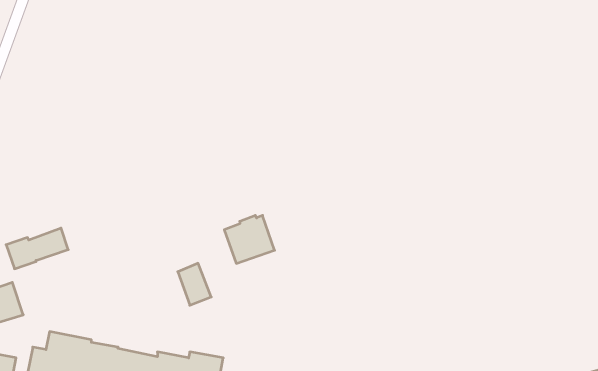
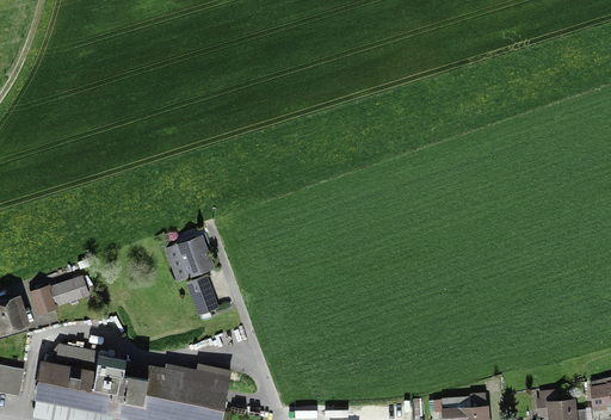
building: [224,215,275,263] -> [163,234,214,282]
building: [6,228,68,269] -> [27,274,90,315]

